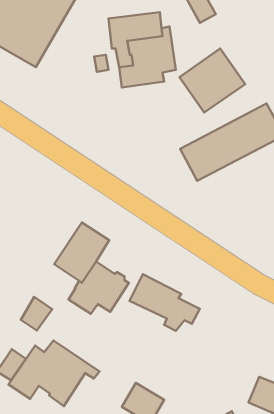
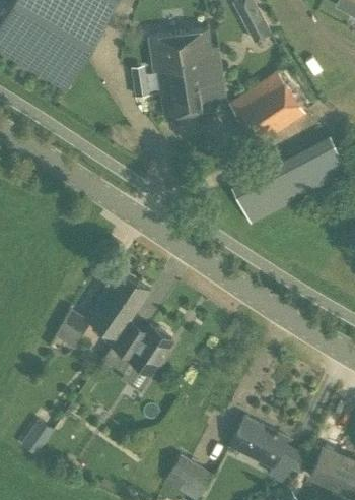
building: [130,274,200,331] -> [230,416,310,481]
building: [21,297,52,330] -> [57,308,92,347]
building: [8,340,100,406] -> none

